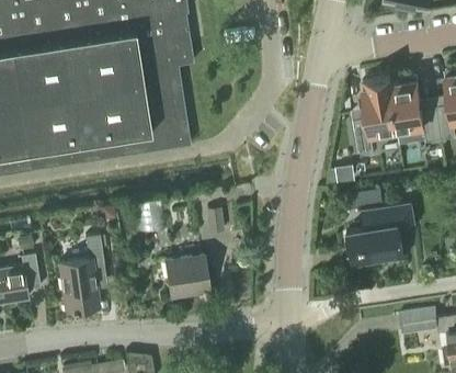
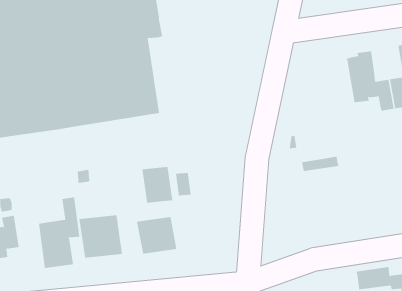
building: [353,78,397,152] -> none
building: none -> [142,166,173,203]
building: [346,203,414,267] -> none
building: none -> [79,214,123,259]

